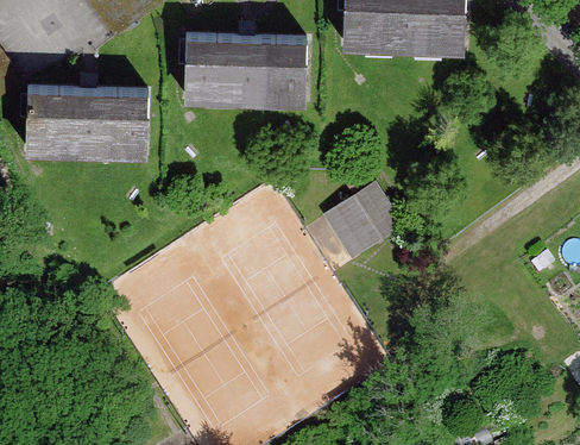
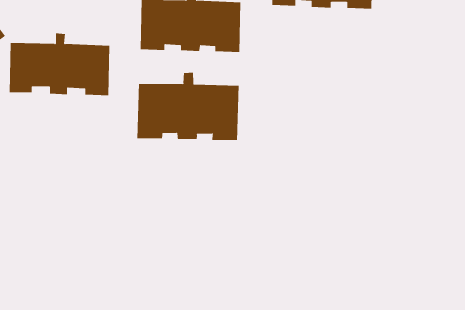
building: none -> [137,72,239,141]
building: [335,181,398,252] -> none

